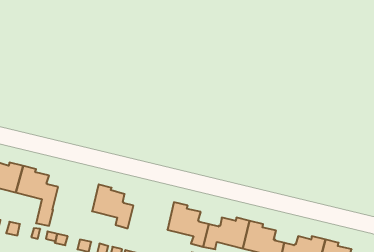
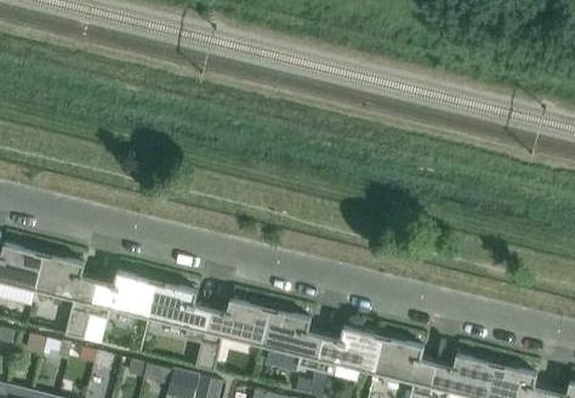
building: none -> [90,272,159,320]
building: none -> [195,300,272,373]

